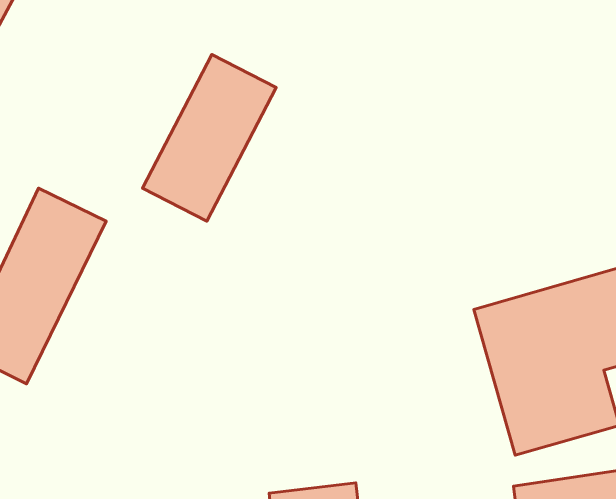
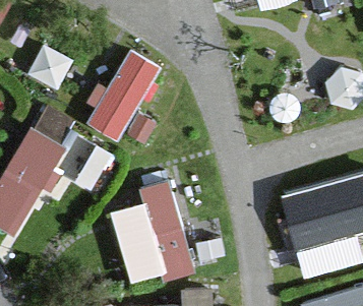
building: none -> [108,185,195,285]

